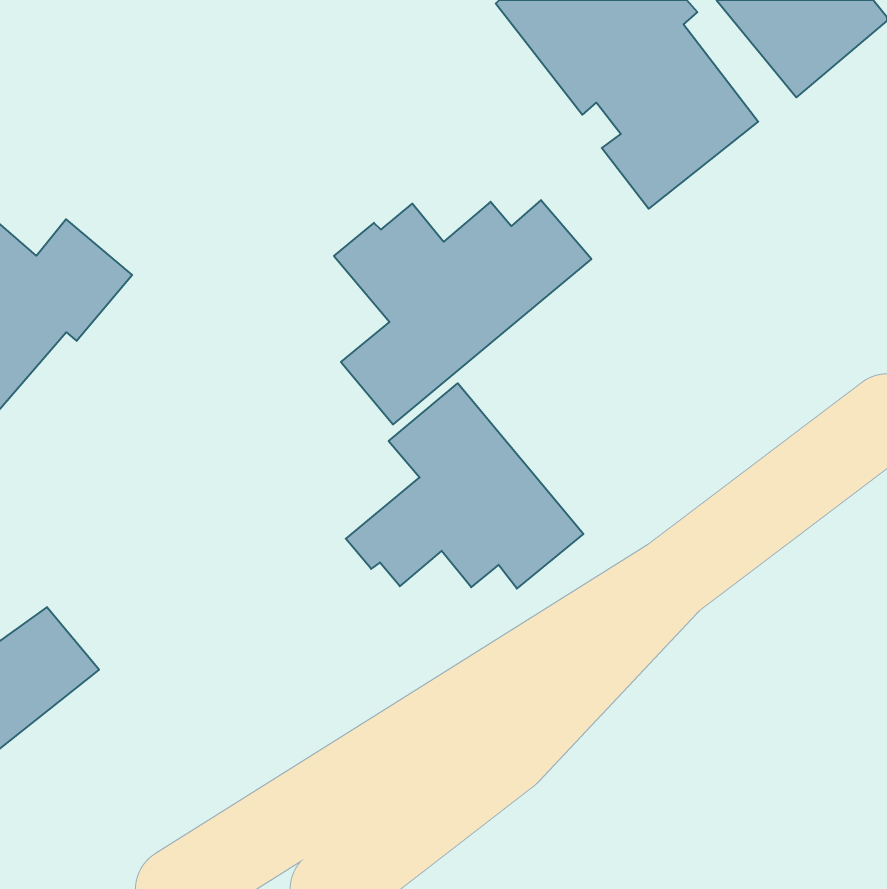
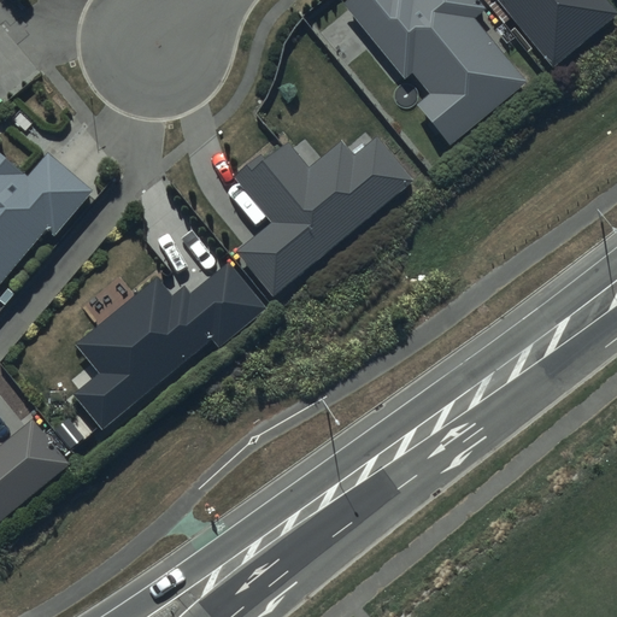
building: none -> [71,263,266,430]
building: [346,383,583,589] -> none

